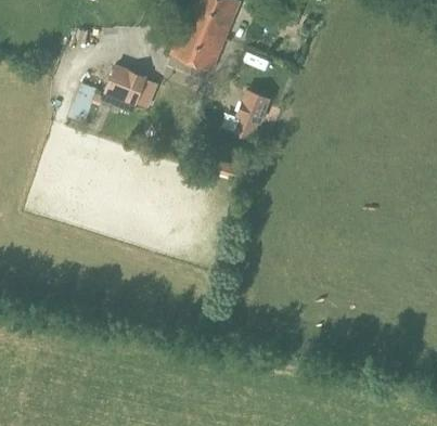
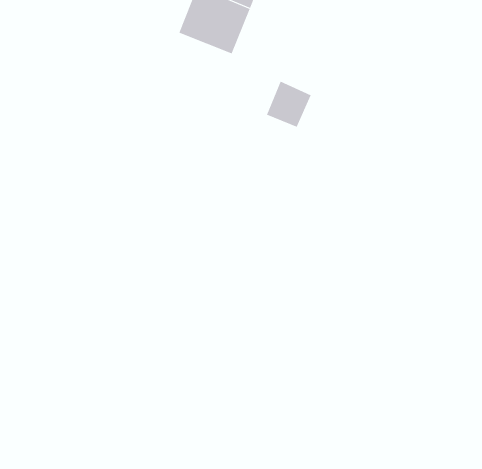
building: [104,69,144,107] -> none

